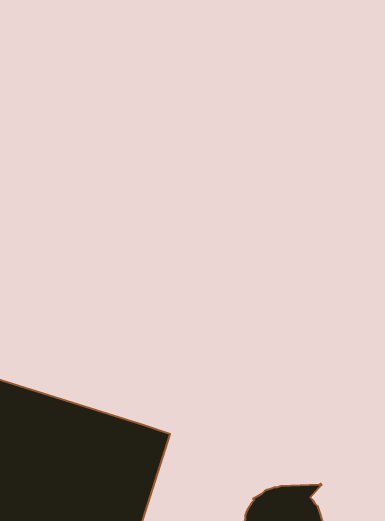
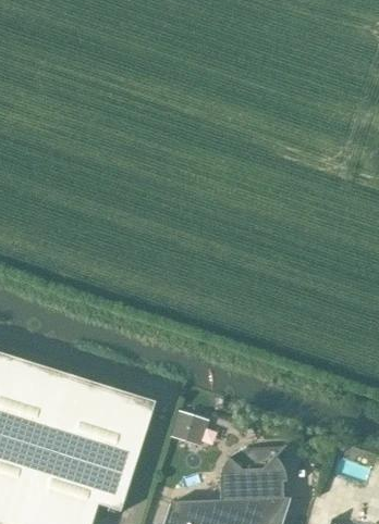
building: none -> [172,409,209,444]

